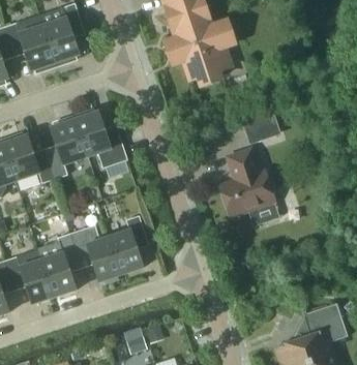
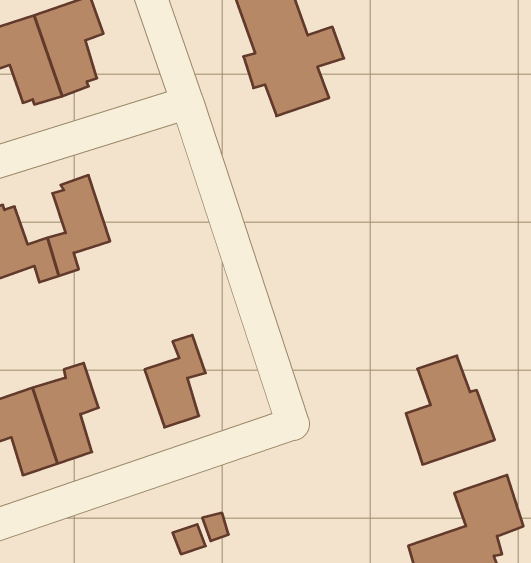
building: [238,108,279,145] -> none
building: [72,111,126,169] -> none
building: [218,149,274,217] -> [406,356,495,464]
building: [69,225,120,281] -> none

